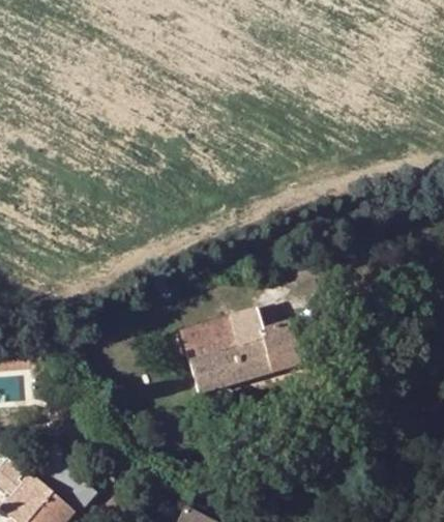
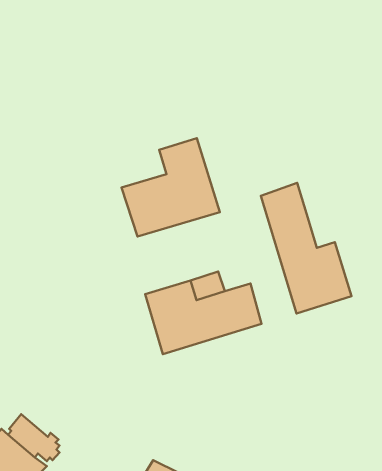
building: none -> [121,138,220,236]
building: none -> [261,183,351,314]

